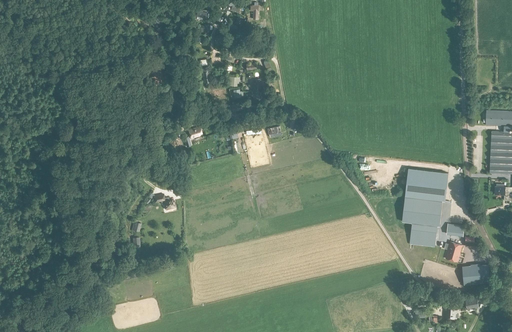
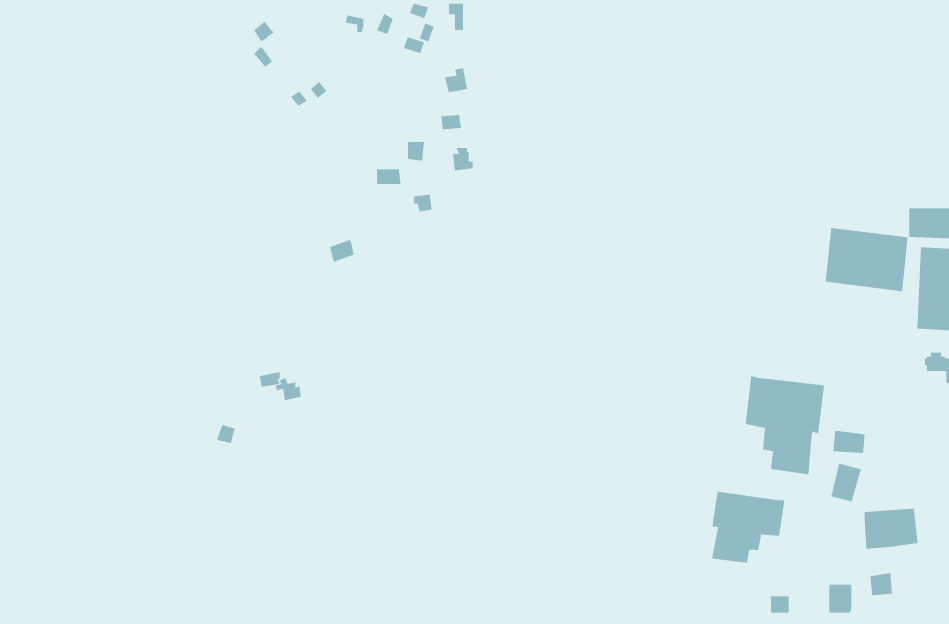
building: [405,168,448,201] -> [825,227,909,292]
building: none -> [712,491,785,563]

